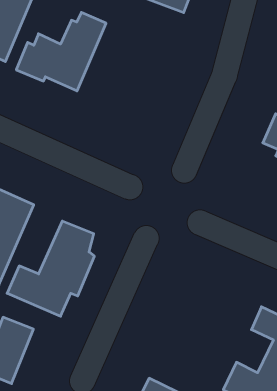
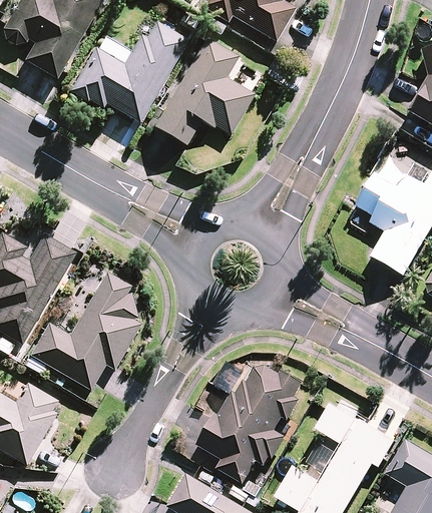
building: none -> [156,37,253,141]
building: none -> [195,362,296,484]

